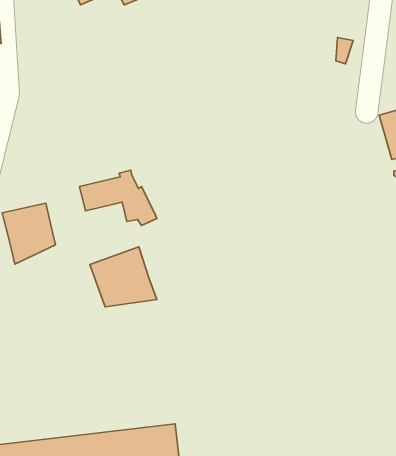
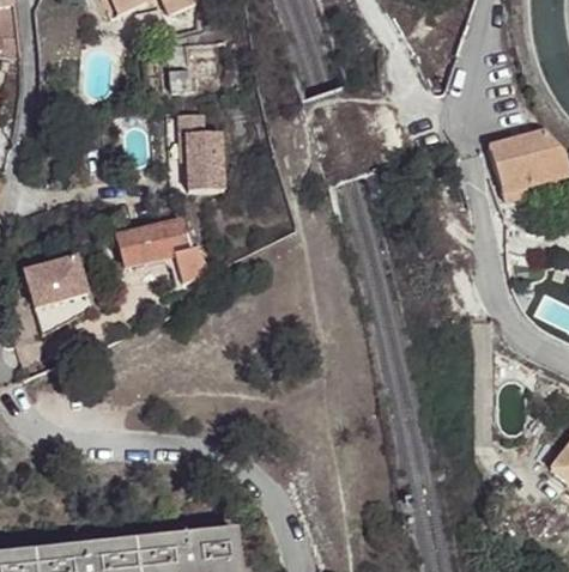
building: none -> [175,121,220,196]
building: [90,247,157,307] -> none

